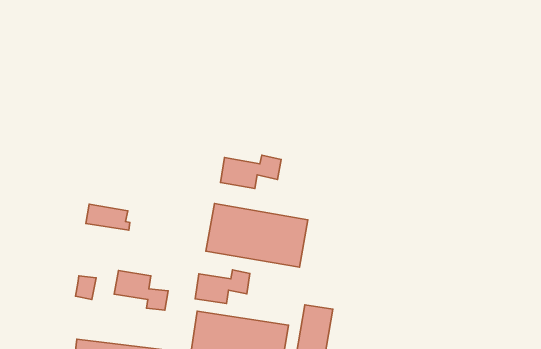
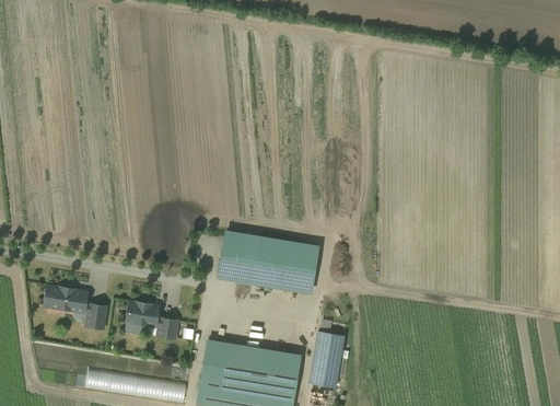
building: [221,155,281,188] -> none
building: [86,204,130,230] -> [43,285,88,311]
building: [195,270,250,304] -> none

